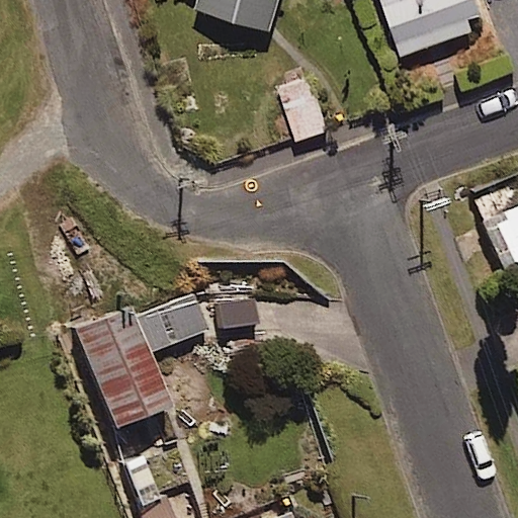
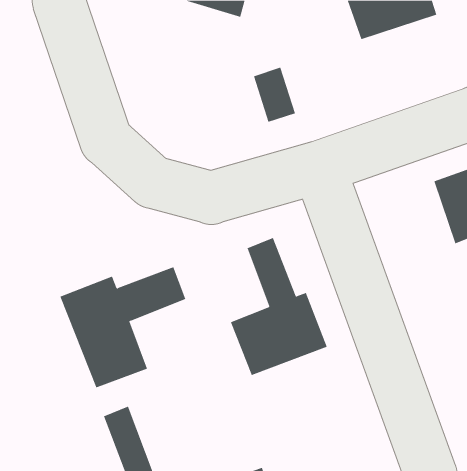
building: none -> [230,237,327,376]

